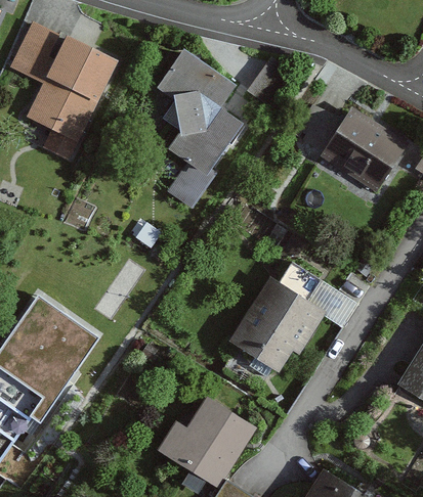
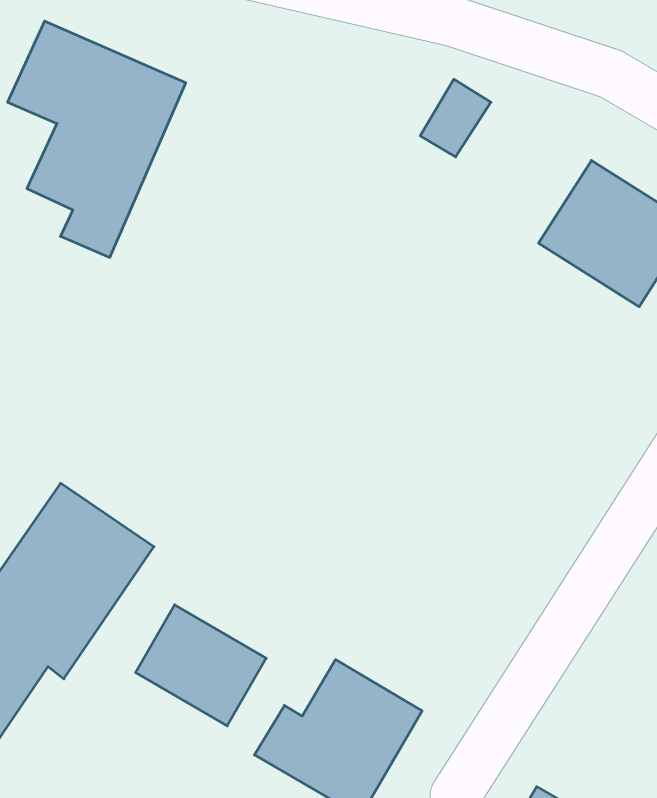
building: [160,51,244,206] -> none
building: [230,266,361,372] -> none
building: none -> [136,605,266,726]

